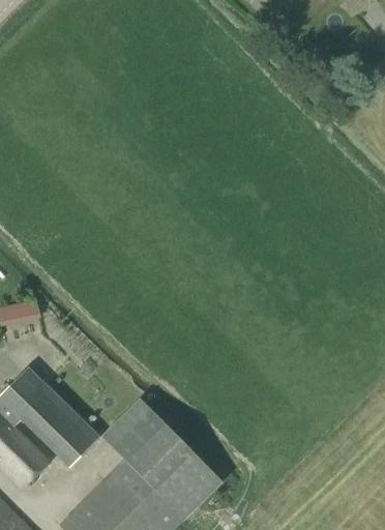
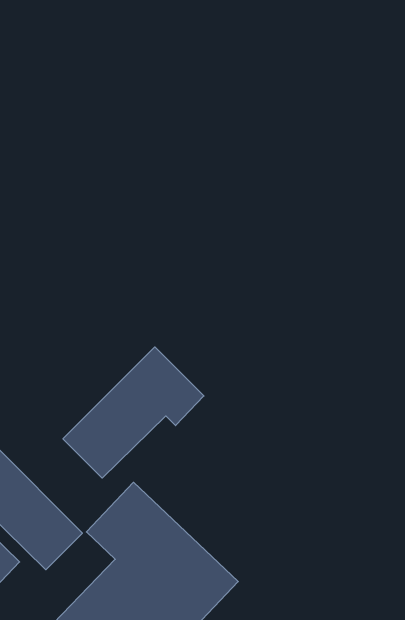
building: none -> [63,347,204,478]

